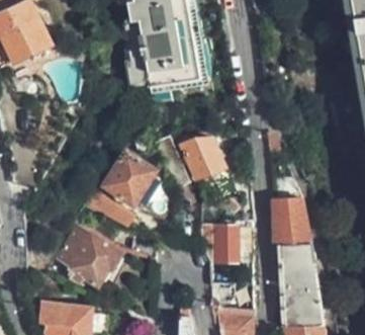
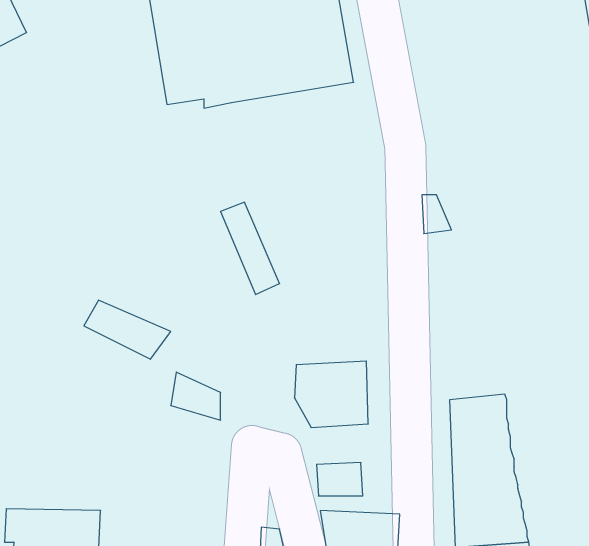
building: [183,139,225,178] -> none
building: [105,152,160,204] -> none
building: [279,199,312,246] -> none
building: [58,226,118,286] -> none

